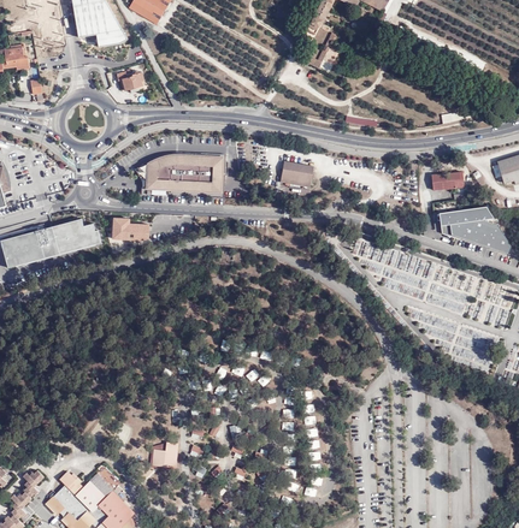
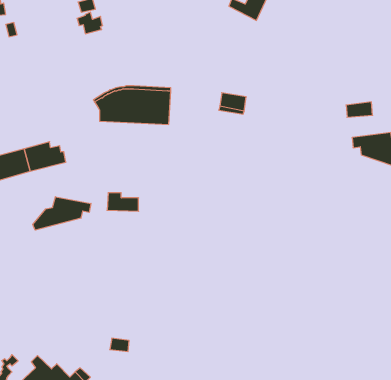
building: [111,219,148,241] -> [107,193,139,211]
building: none -> [33,197,91,230]

